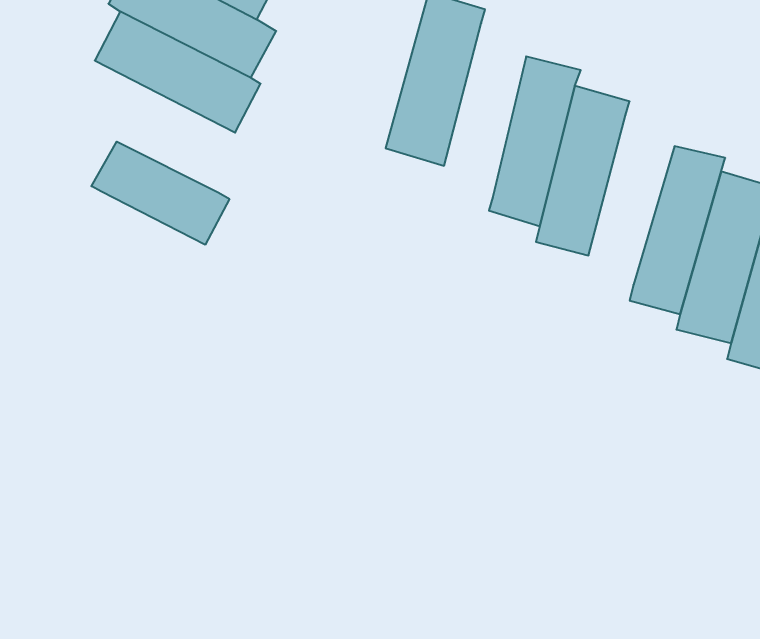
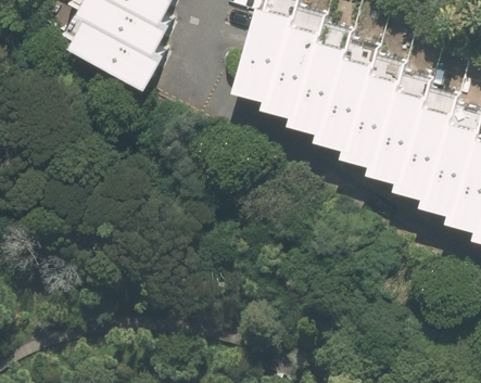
building: none -> [262,20,313,116]
building: none -> [342,71,394,165]
building: [91,142,229,245] -> none

